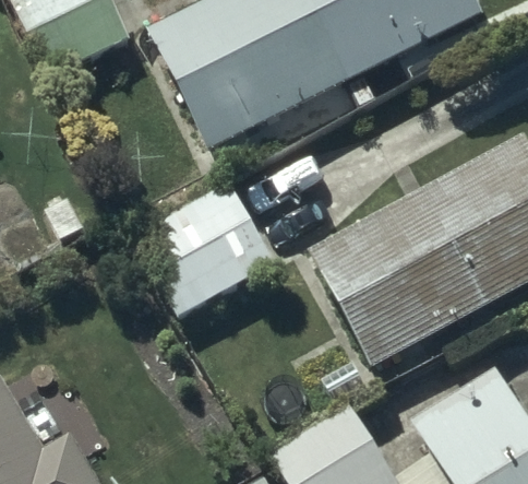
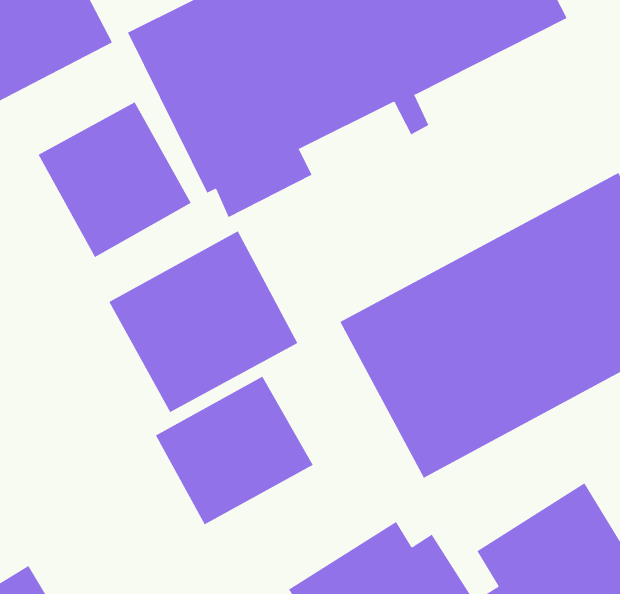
building: none -> [38,101,191,258]
building: none -> [155,376,313,525]

